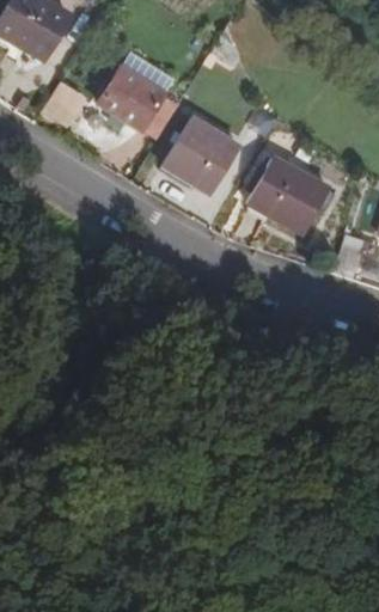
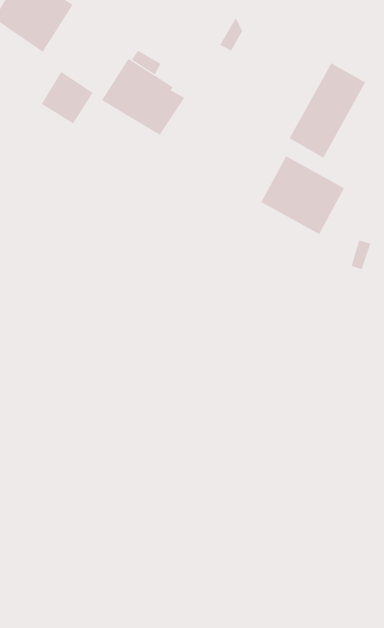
building: none -> [289,62,366,158]
building: [163,117,239,194] -> none

